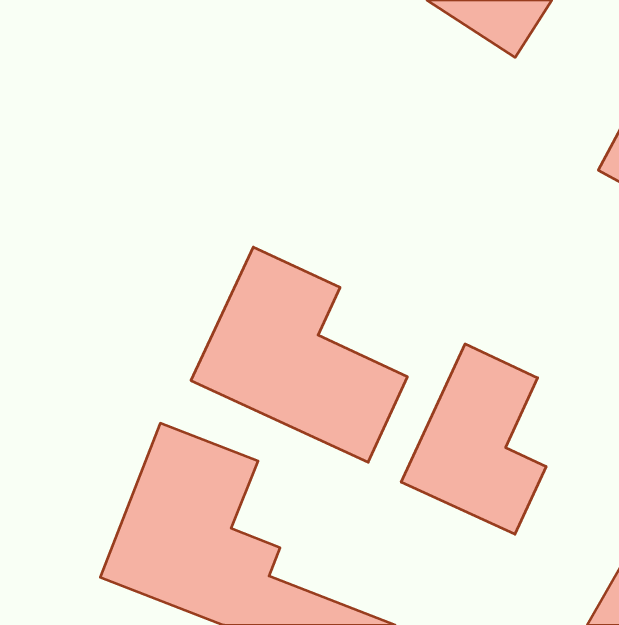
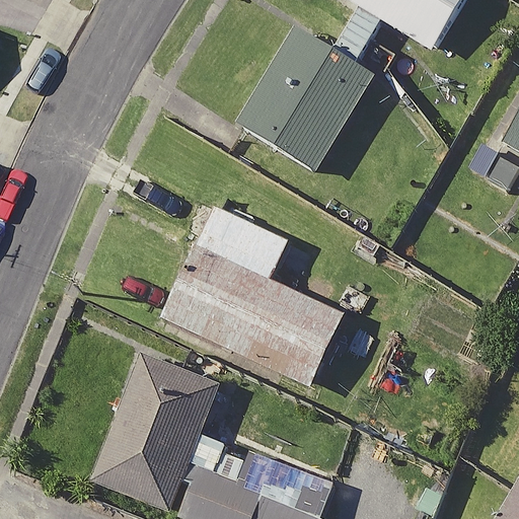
building: none -> [240,25,375,169]
building: [401,344,546,534] -> none

